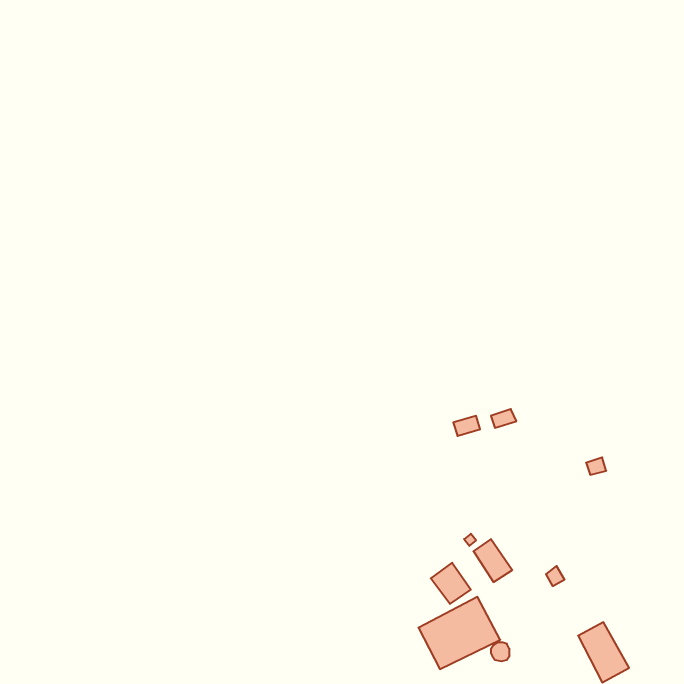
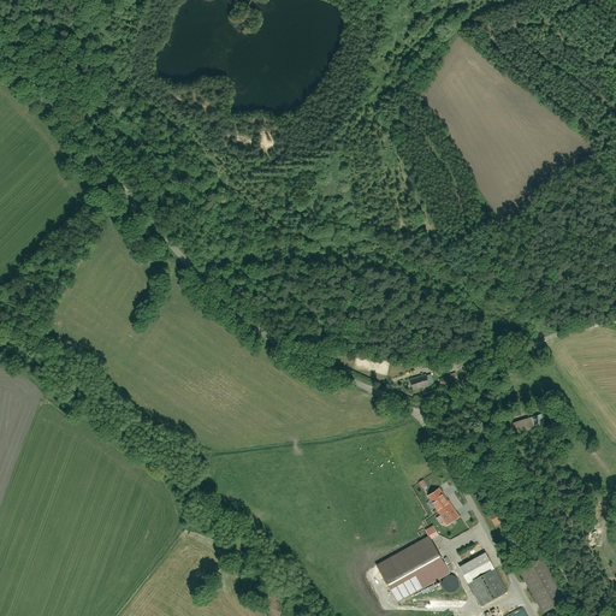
building: [431,563,471,604] -> none
building: none -> [457,552,507,606]

